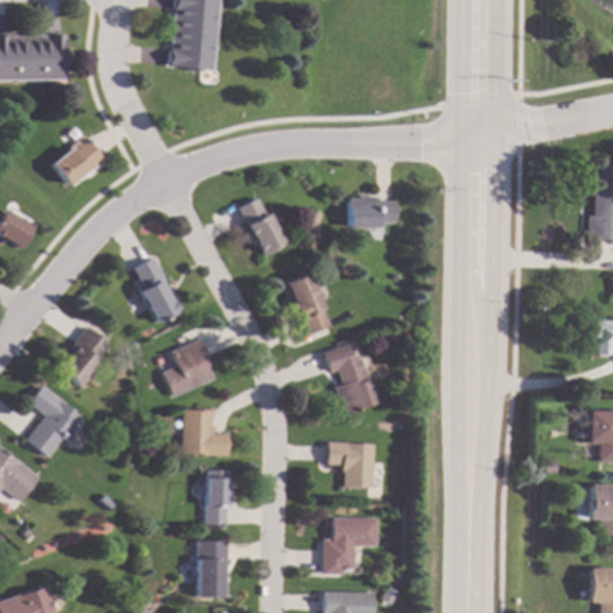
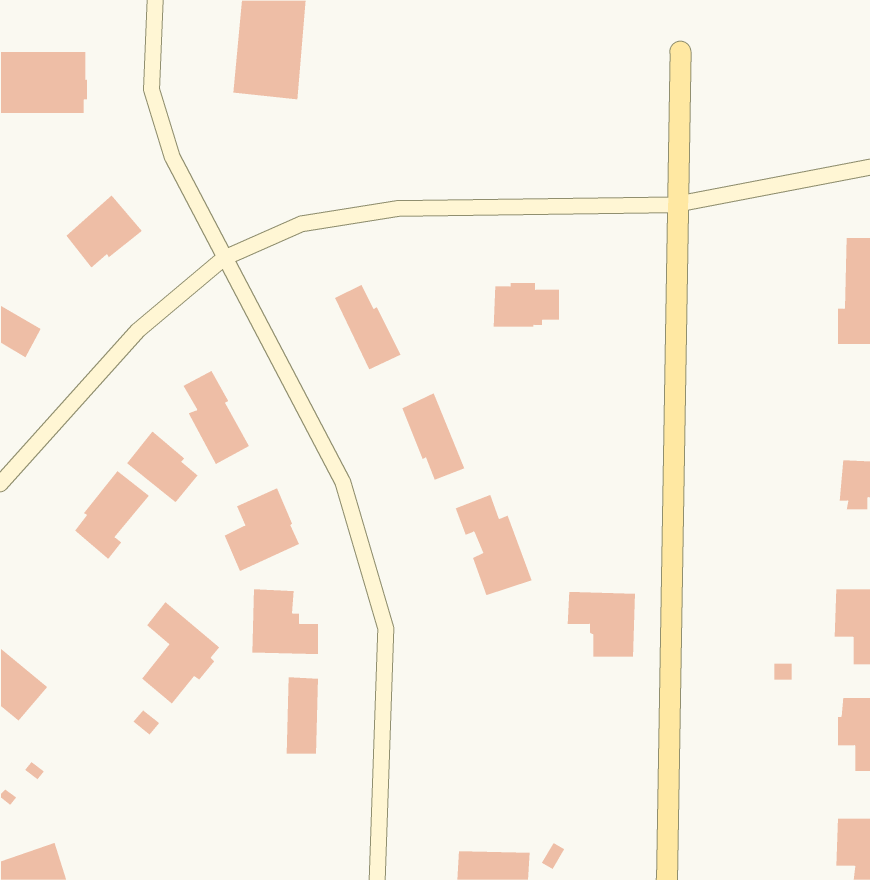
building: none -> [126,430,198,503]
building: [28,386,83,457] -> [141,601,220,704]
building: [327,442,375,487] -> [567,592,636,657]
building: [324,517,380,575] -> none
building: [196,541,229,597] -> none

